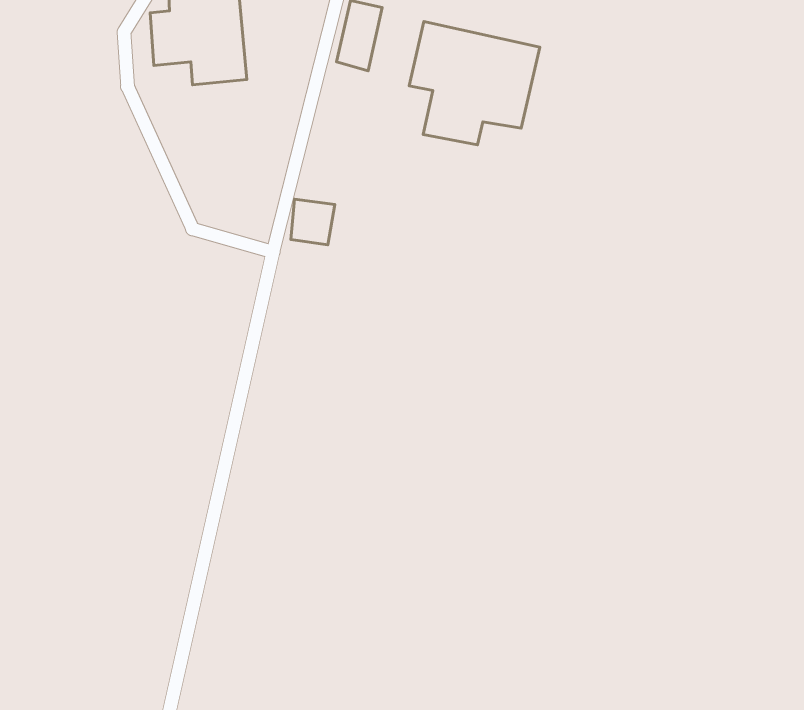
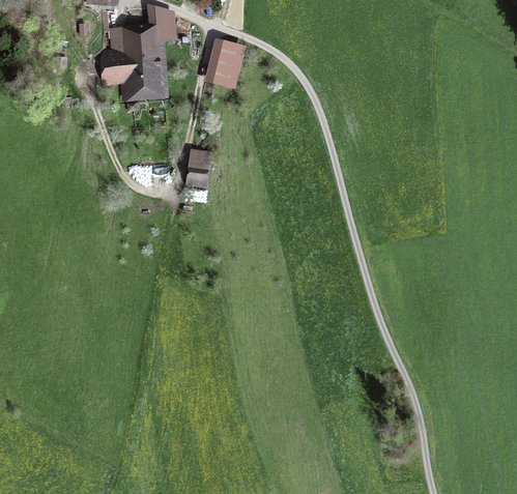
building: [409,21,540,145] -> none

